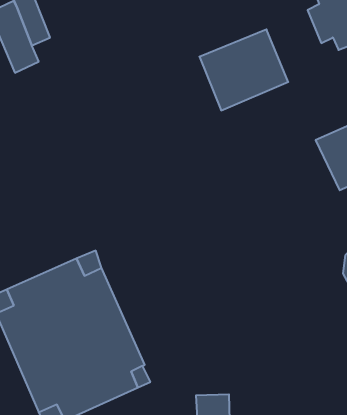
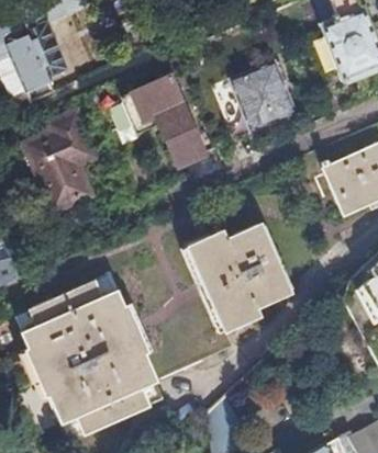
building: none -> [119,69,203,162]
building: none -> [27,114,96,212]
building: none -> [187,223,288,331]

